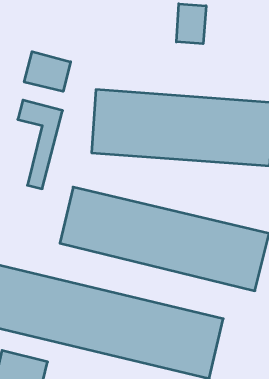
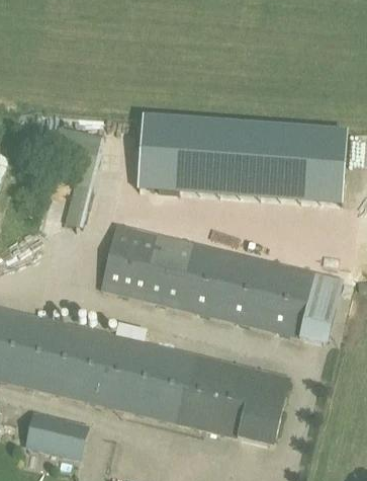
building: [176,4,206,44] -> none
building: [24,52,71,91] -> none

